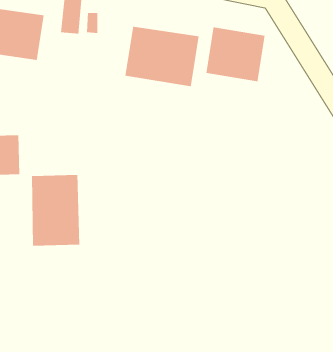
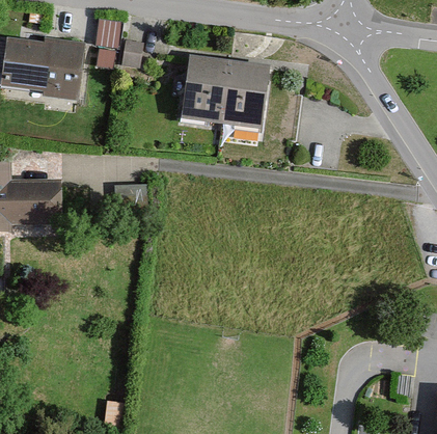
building: [206,27,265,82] -> none
building: [31,174,80,246] -> none

